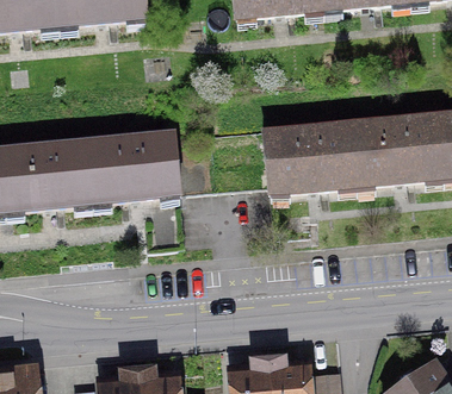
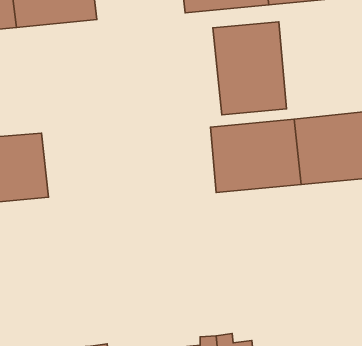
building: none -> [213,22,287,115]
building: [86,131,175,206] -> none

